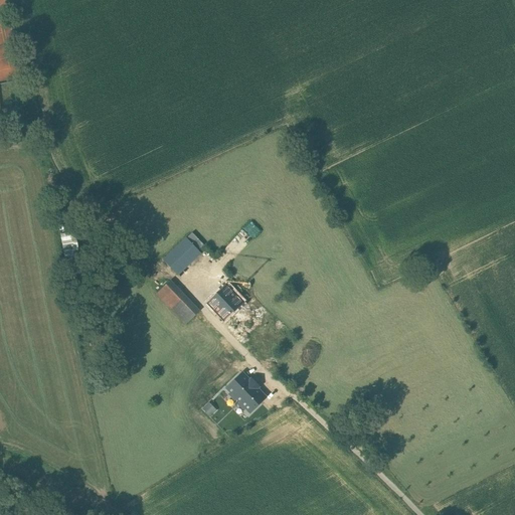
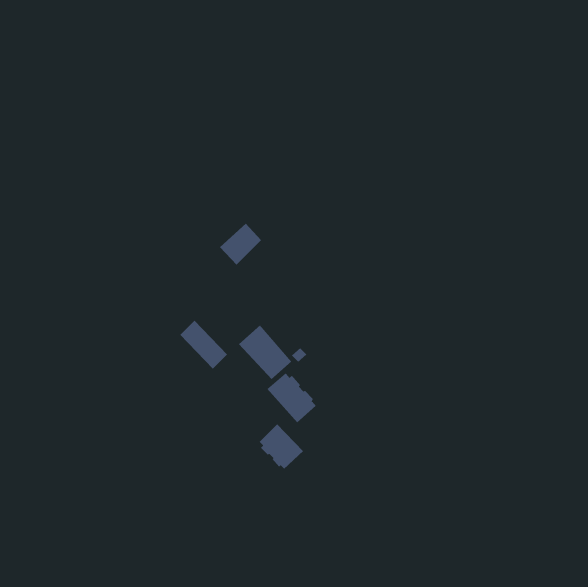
building: [163,237,200,275] -> [219,223,262,265]
building: none -> [266,372,316,423]

